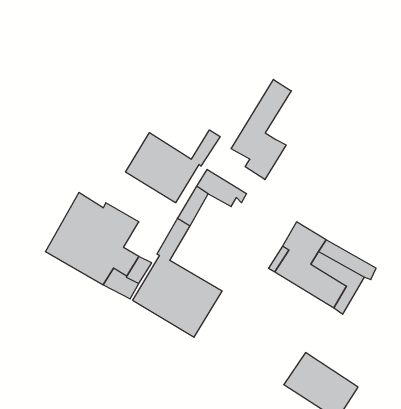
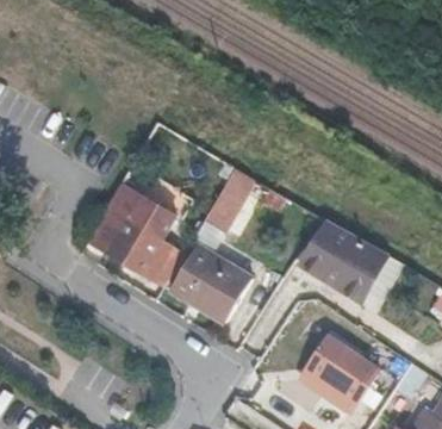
building: [231,79,291,180] -> none
building: [126,130,220,203] -> none

